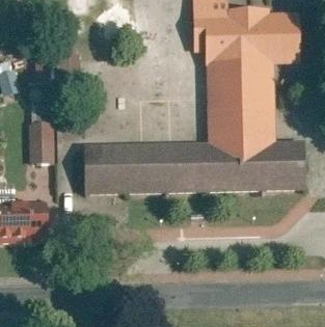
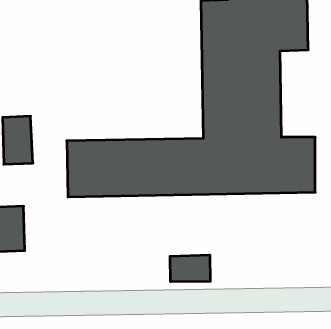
building: none -> [170,255,210,282]

